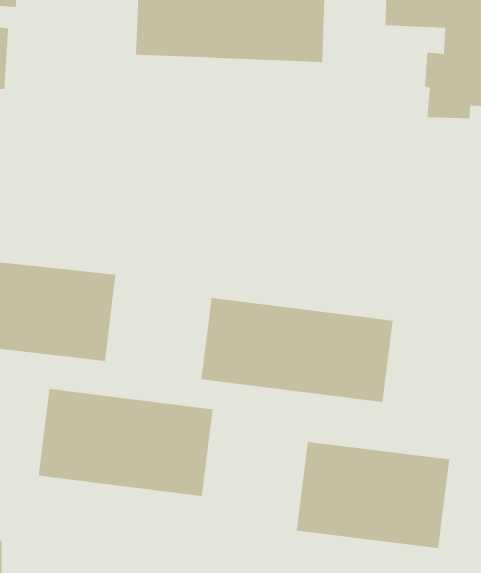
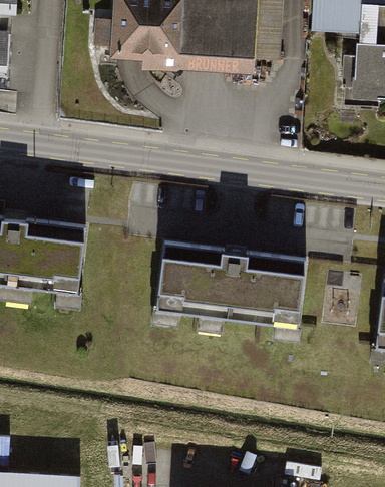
building: [38,388,213,497] -> none
building: [296,441,450,549] -> none

